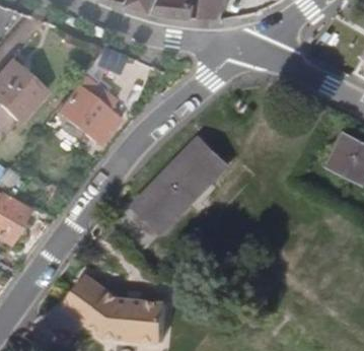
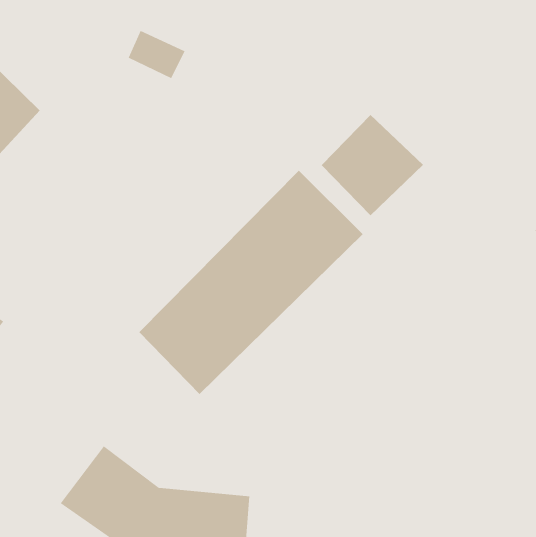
building: [58,80,113,161] -> none
building: none -> [321,114,424,216]

